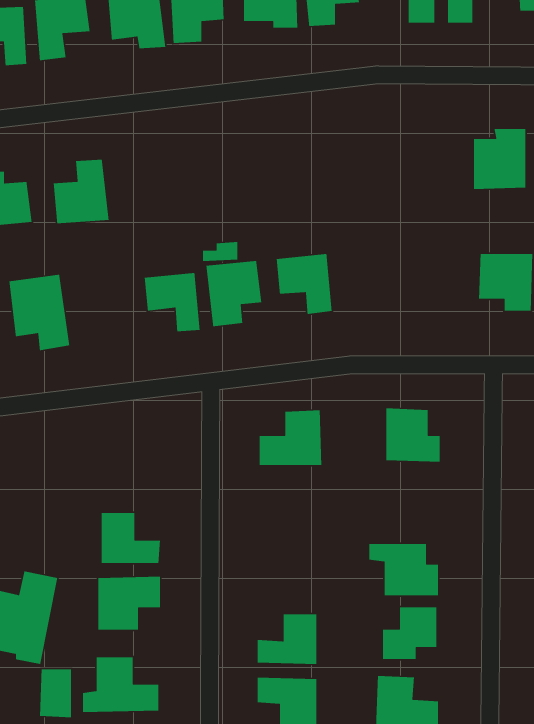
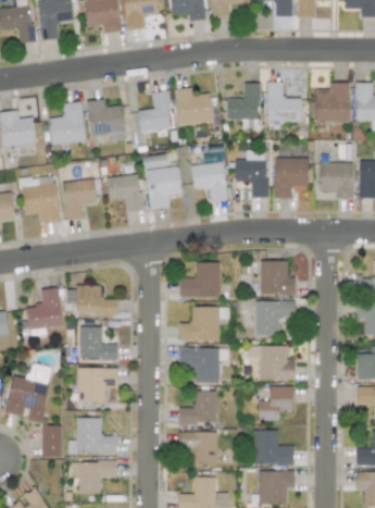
building: none -> [267,82,302,128]
building: none -> [227,83,260,128]
building: none -> [177,88,212,123]
building: none -> [139,90,173,132]
building: none -> [88,99,126,141]
building: none -> [236,150,267,197]
building: none -> [275,158,310,198]
building: none -> [63,178,97,220]
building: none -> [77,285,117,313]
building: none -> [28,287,62,335]
building: none -> [255,300,296,335]
building: none -> [179,307,220,340]
building: none -> [183,347,229,383]

